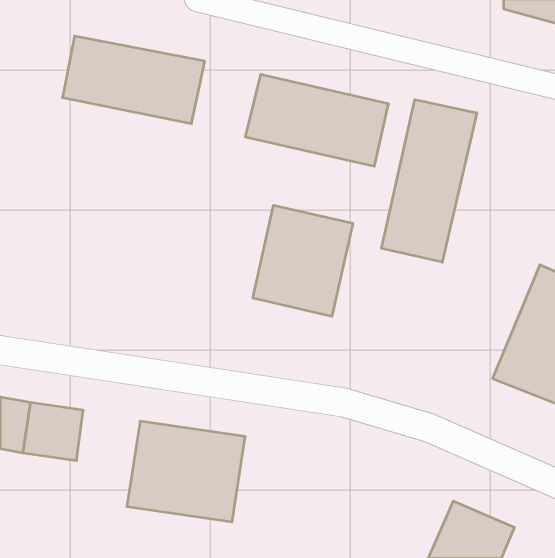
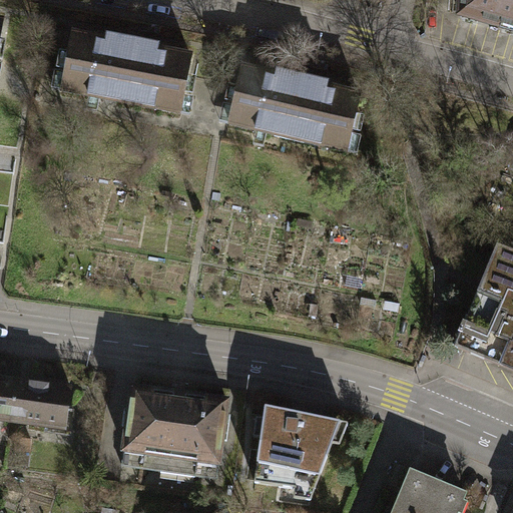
building: [382,100,477,262] -> none
building: [253,205,353,316] -> none
building: none -> [253,405,348,489]

